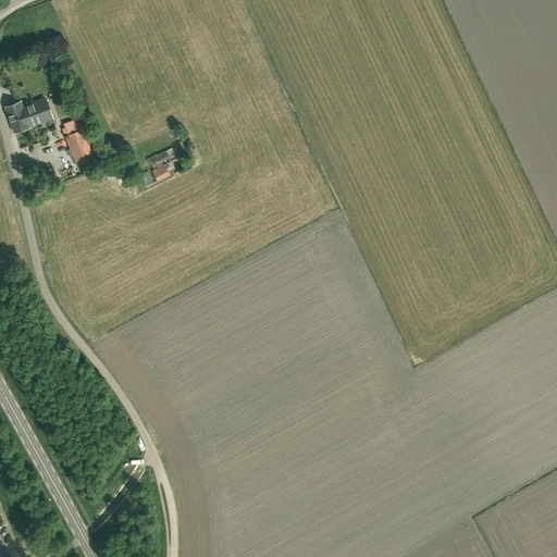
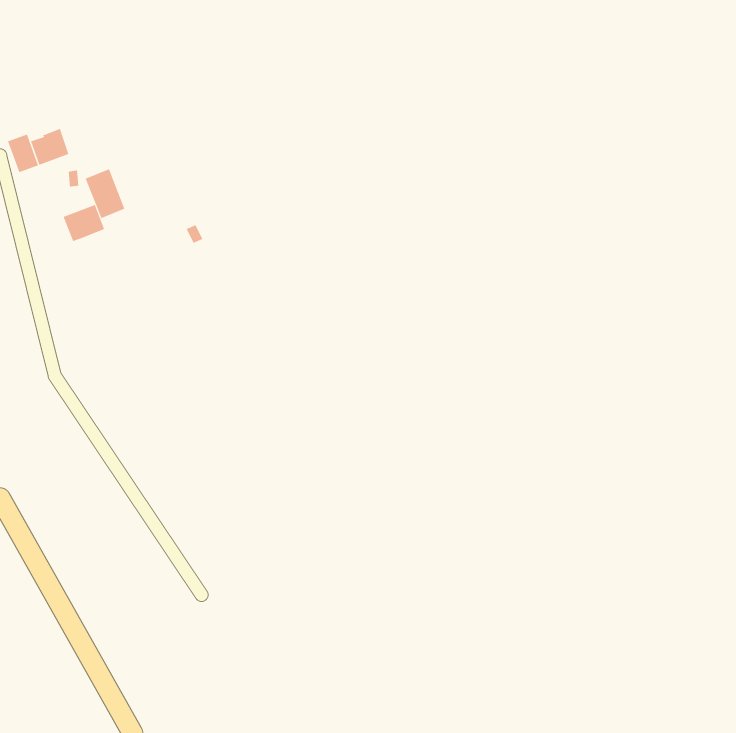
building: [147,147,177,180] -> none
building: none -> [63,204,105,242]

